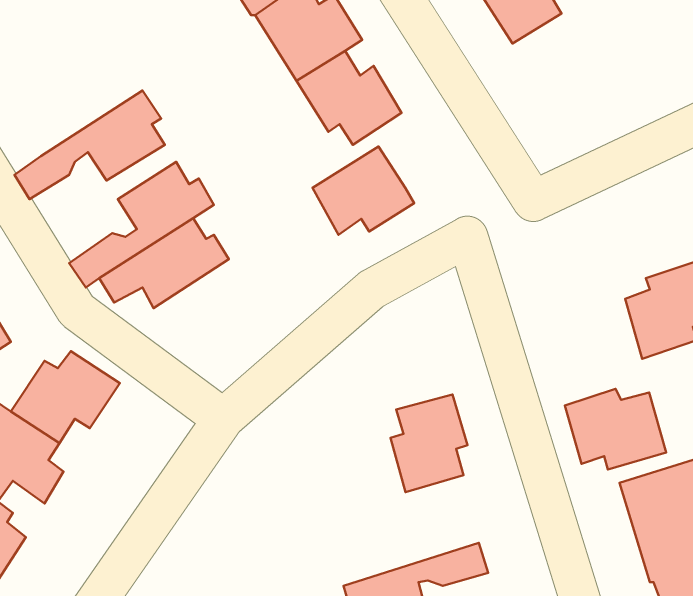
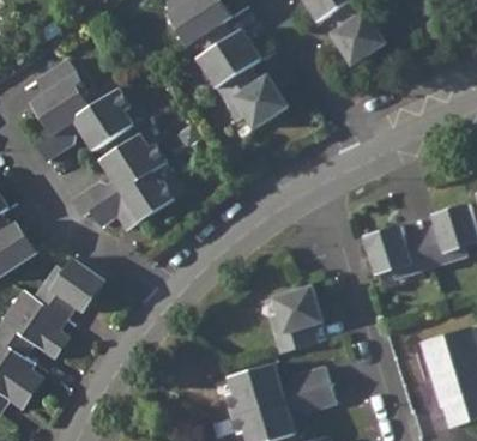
building: none -> [31,64,87,135]
building: [313,146,414,235] -> none
building: [565,389,666,469] -> [369,224,434,276]
building: none -> [238,361,330,410]

